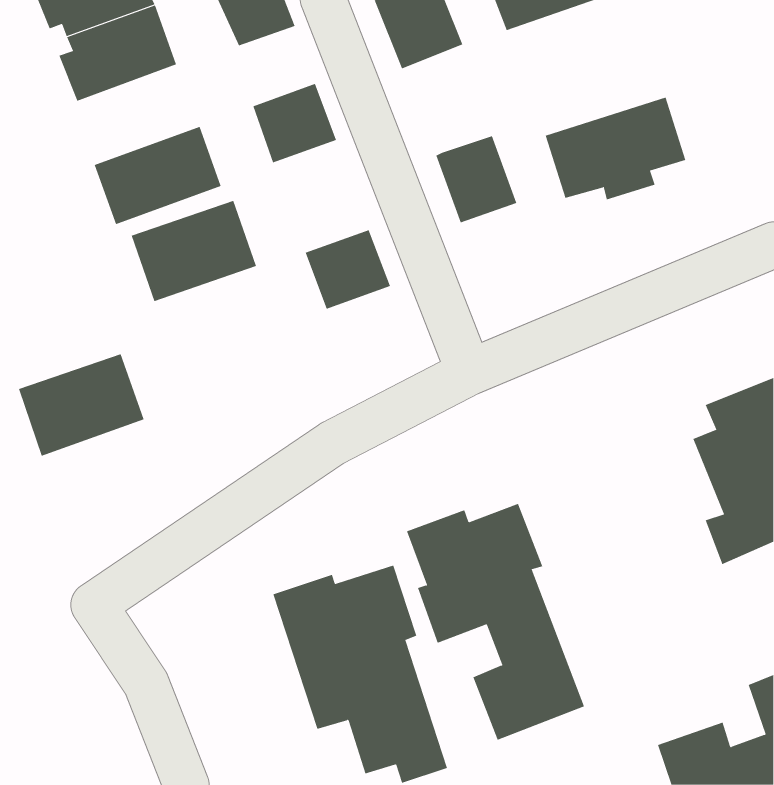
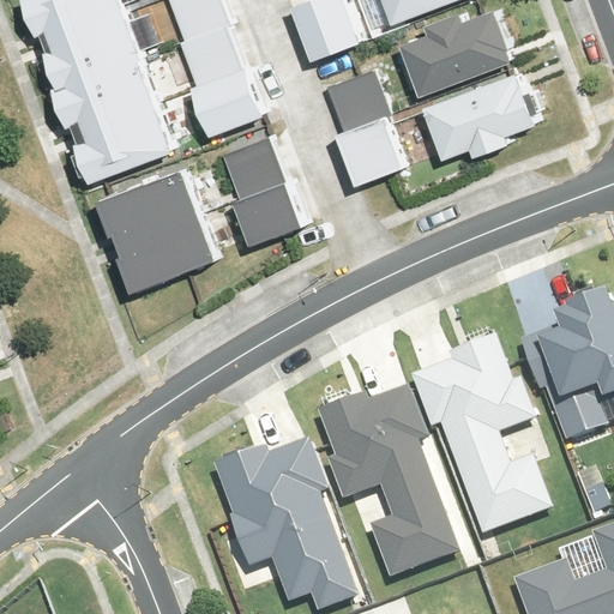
building: none -> [403,6,513,94]
building: none -> [180,20,246,83]
building: none -> [55,50,156,128]
building: none -> [330,61,389,119]
building: none -> [222,133,288,197]
building: [18,353,144,457] -> [120,207,218,288]
building: none -> [411,338,552,535]

